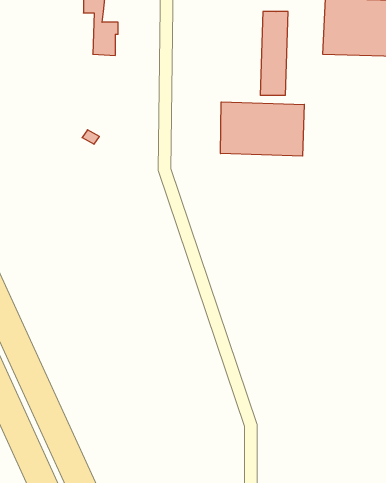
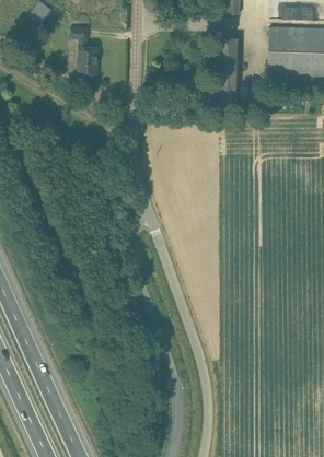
building: [221,102,304,156] -> none

